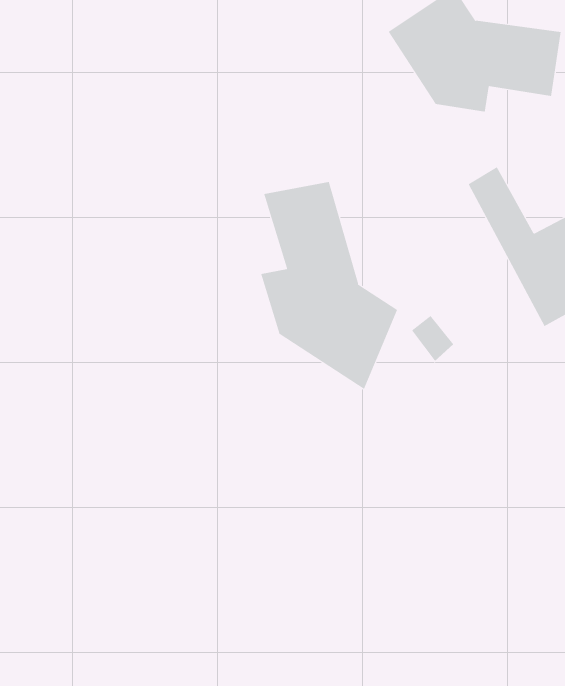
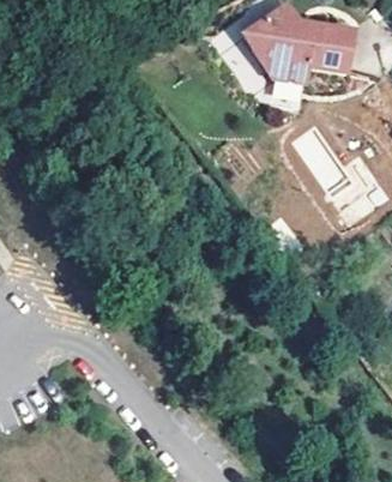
building: [261,181,398,390] -> none

